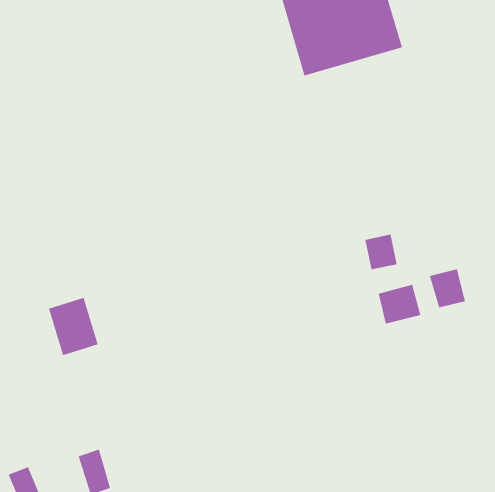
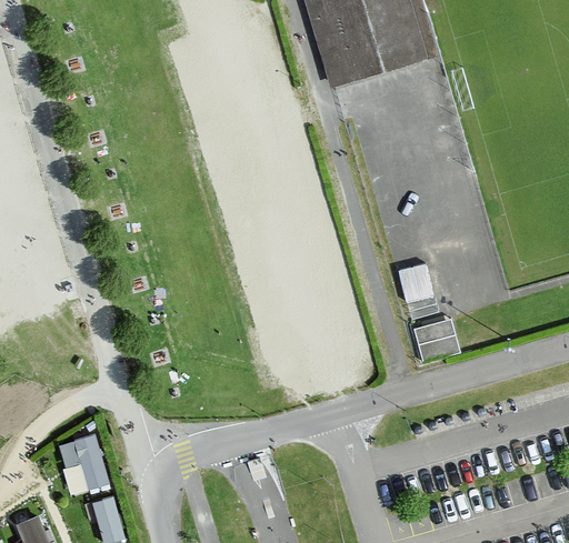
building: [429,269,466,308] -> none
building: [48,297,99,356] -> [56,430,110,493]

